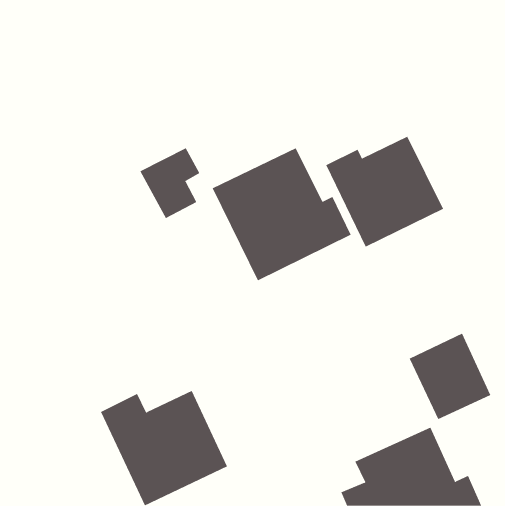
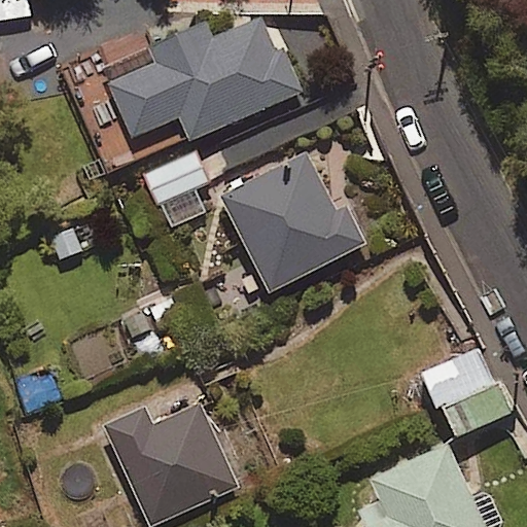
building: none -> [105,14,302,140]
building: [325,136,444,248] -> none

